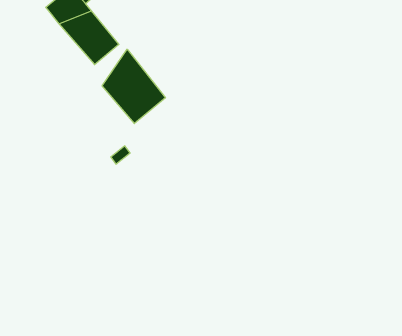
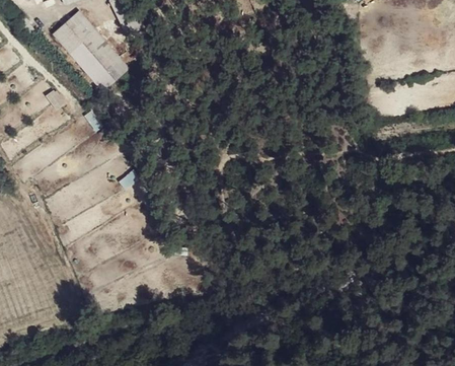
building: [102,49,165,124] -> none

